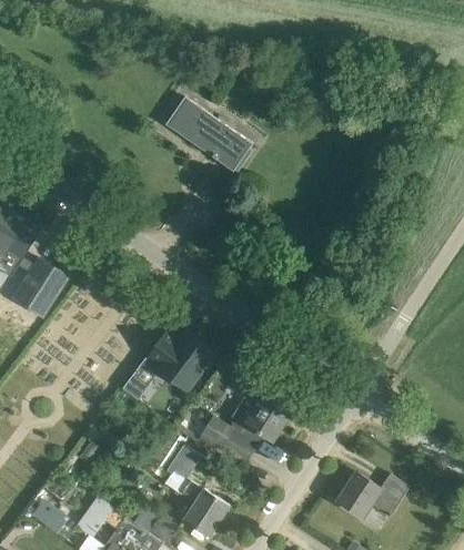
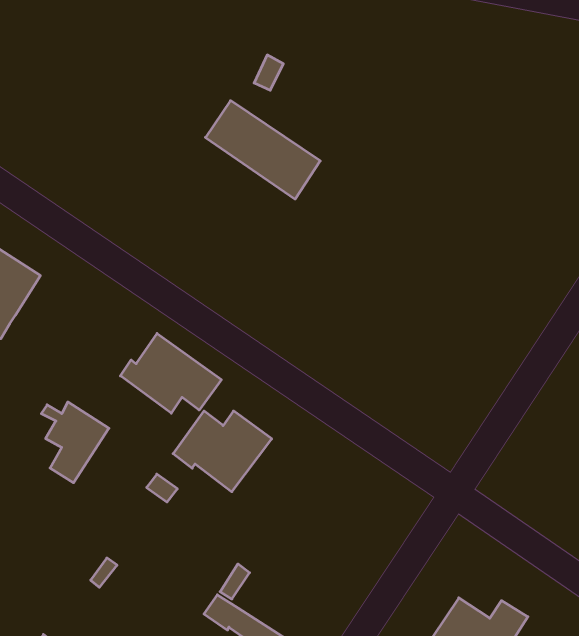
building: [18,256,69,317] -> [41,402,109,483]
building: none -> [120,333,221,413]
building: [199,385,291,461] -> none

